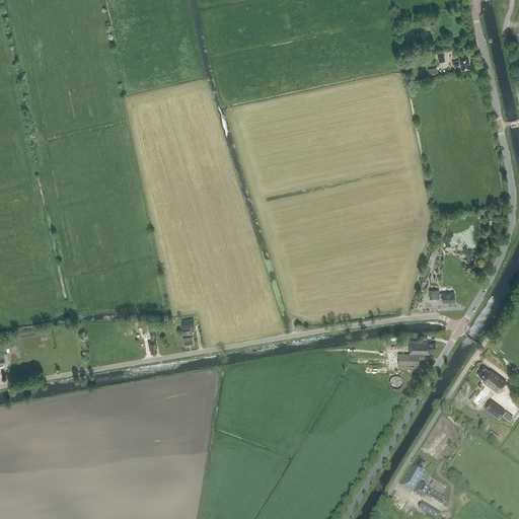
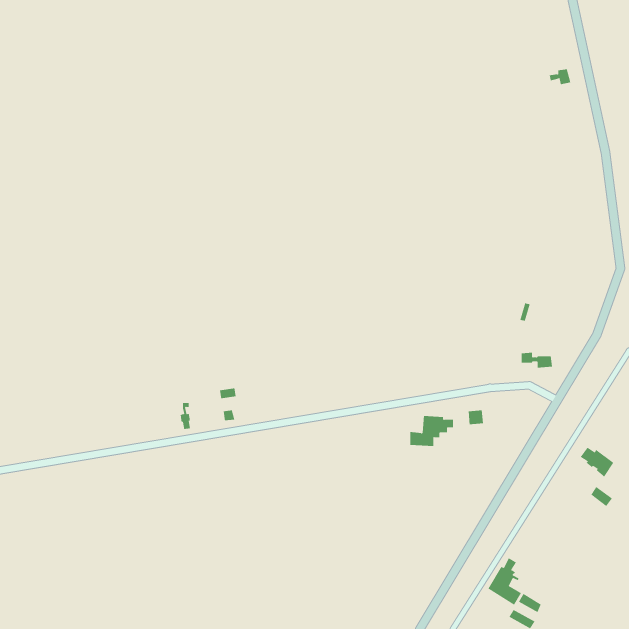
building: [398,341,435,366] -> [410,416,454,446]

